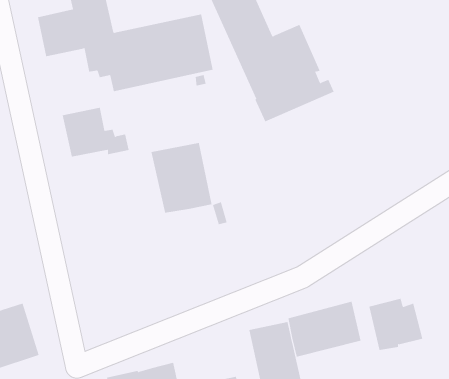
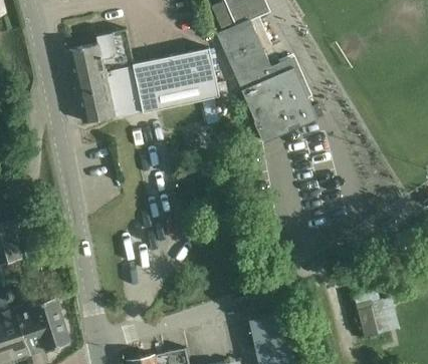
building: [62,107,129,157] -> [74,77,133,120]
building: [151,142,212,214] -> none
building: [288,301,361,357] -> none

